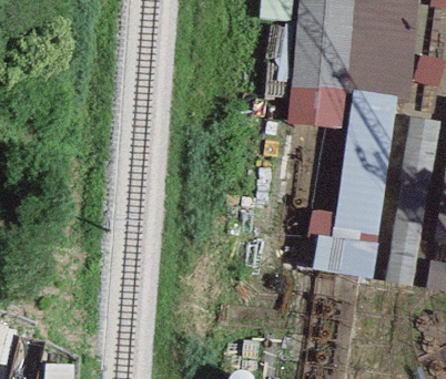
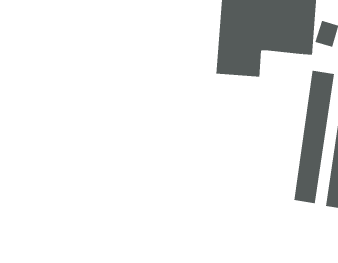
building: [306,92,398,276] -> none

